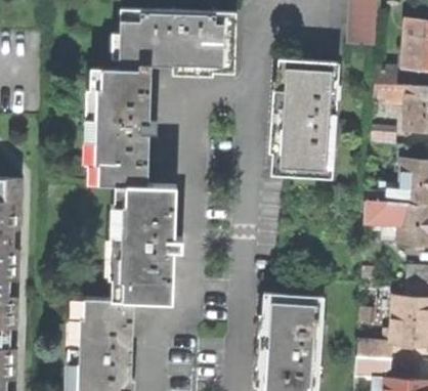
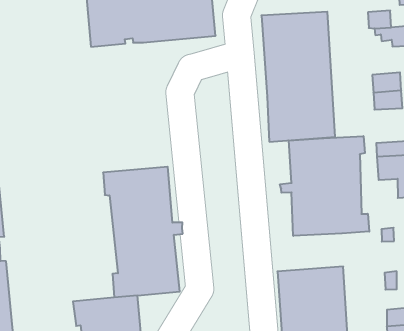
building: [88,68,157,185] -> none
building: none -> [280,136,369,236]

